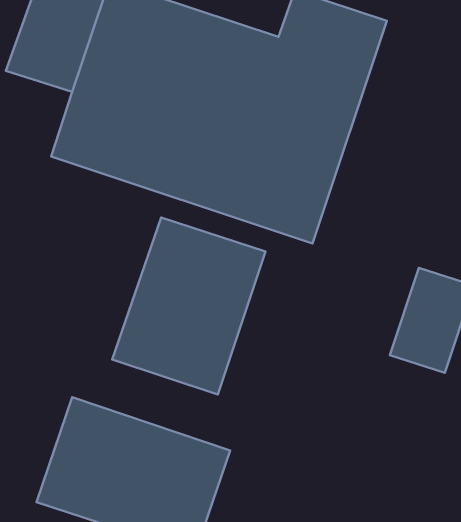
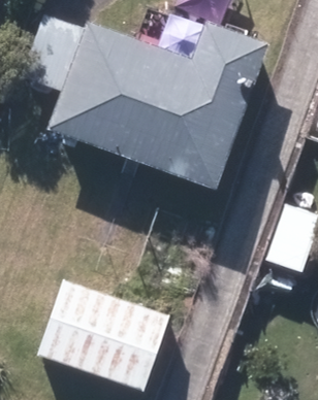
building: [112,217,265,395] -> none

